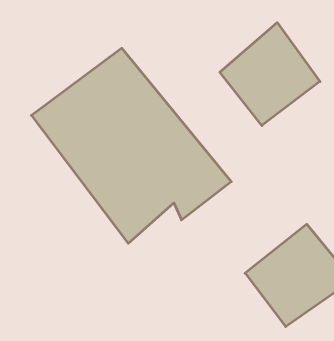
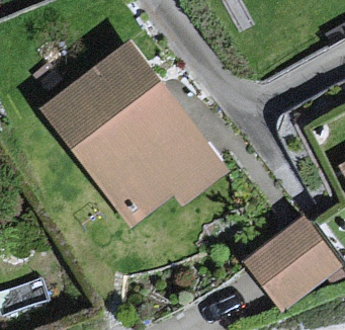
building: [220,23,320,126] -> none

